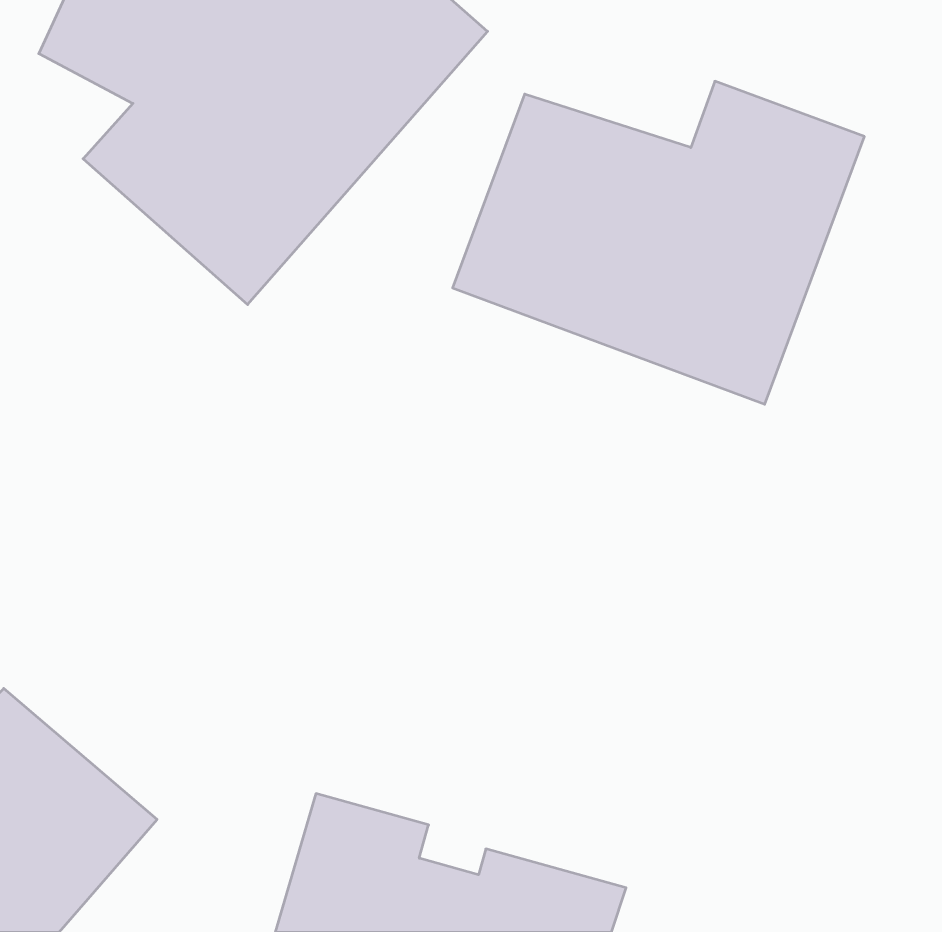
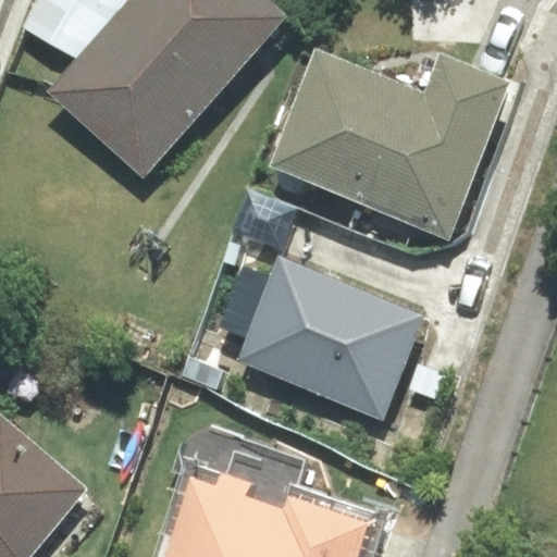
building: none -> [233,253,447,420]

